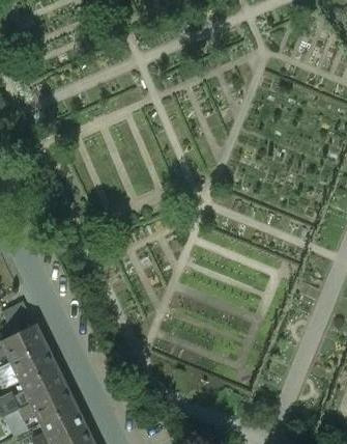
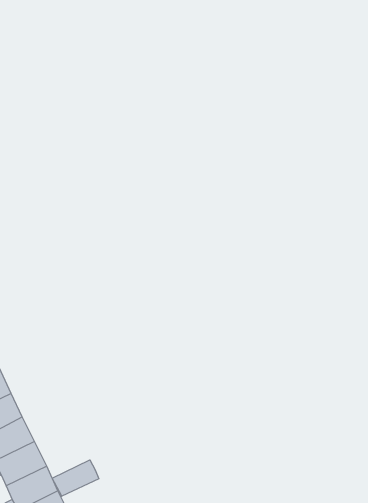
building: none -> [52,460,99,496]

